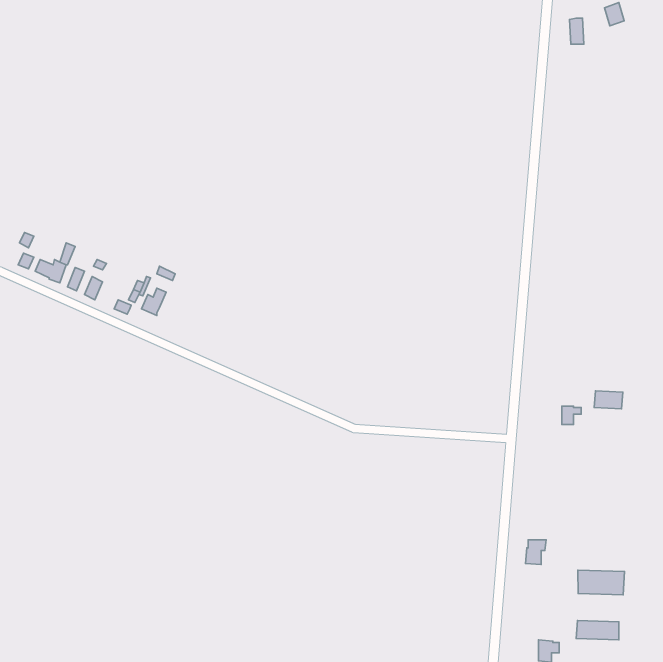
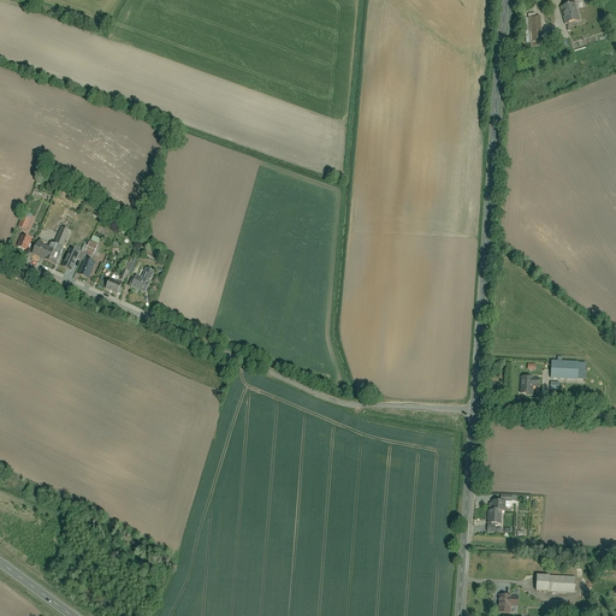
building: [578,570,624,595] -> none

